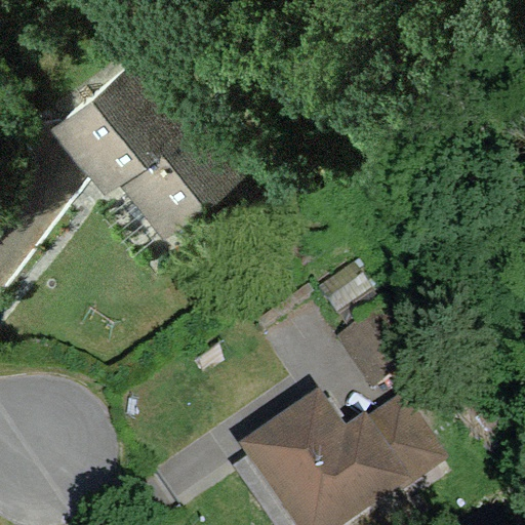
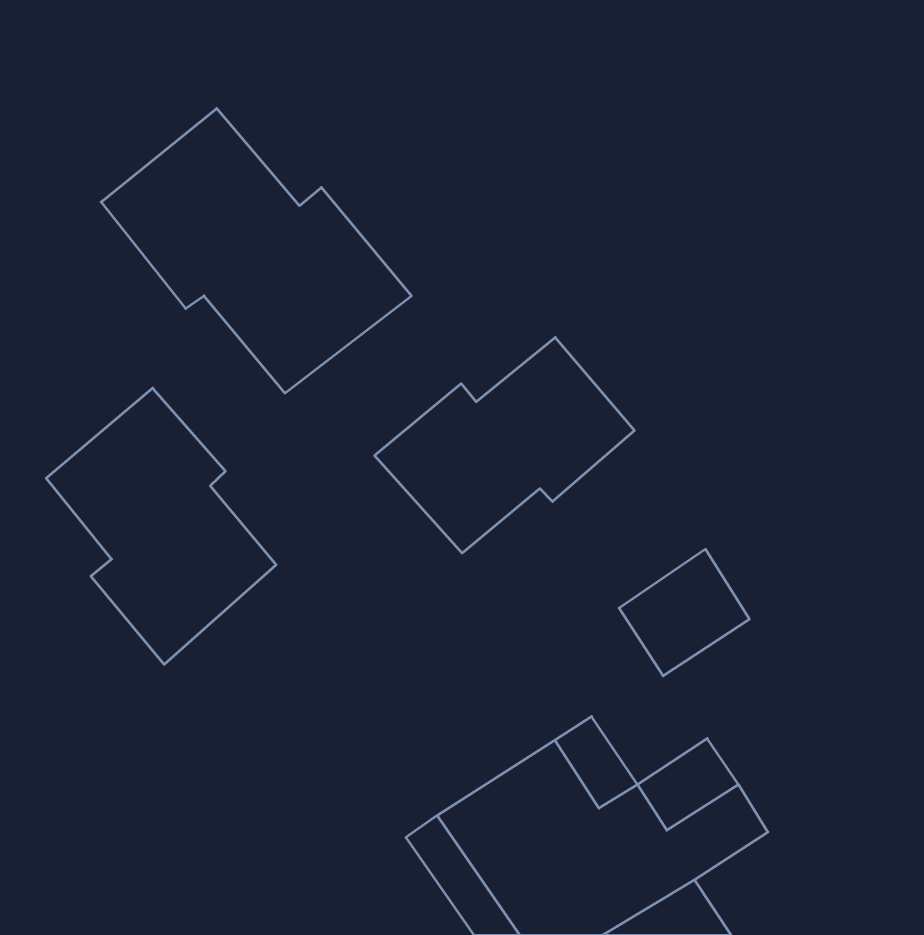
building: none -> [375,337,634,553]
building: none -> [46,388,276,664]

